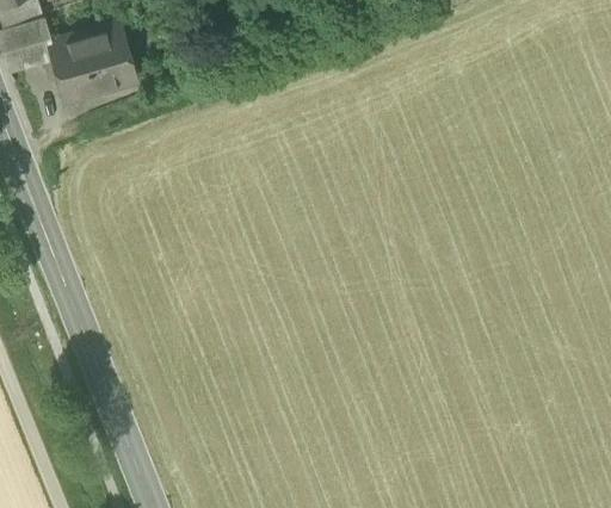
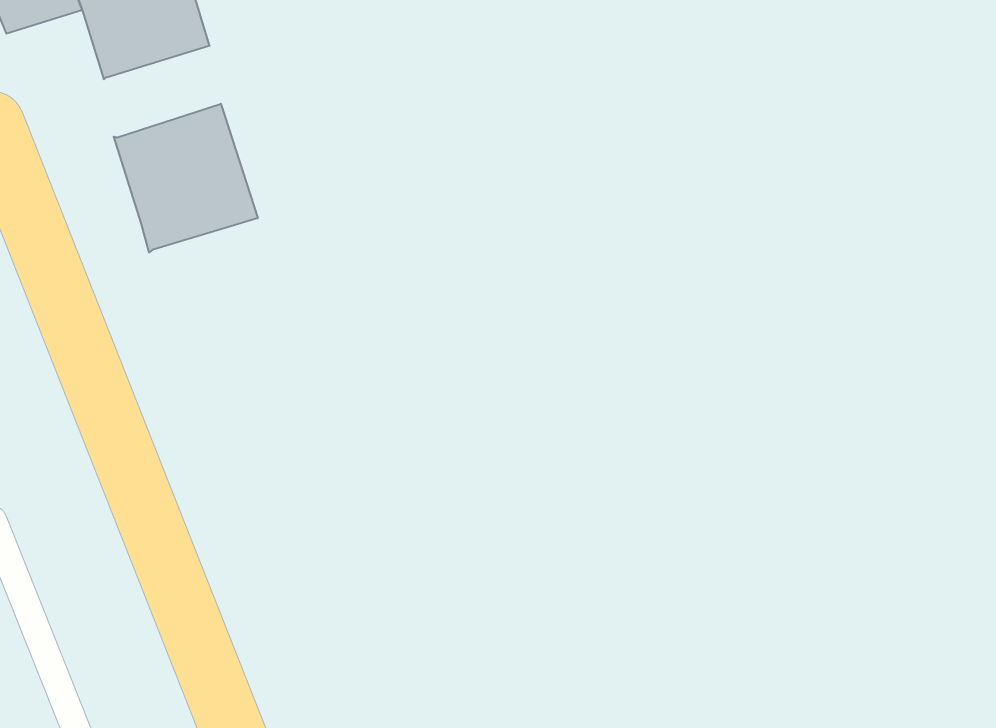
building: none -> [114,104,258,252]

